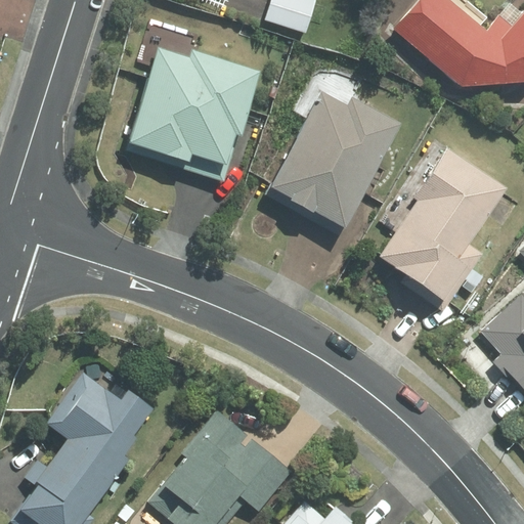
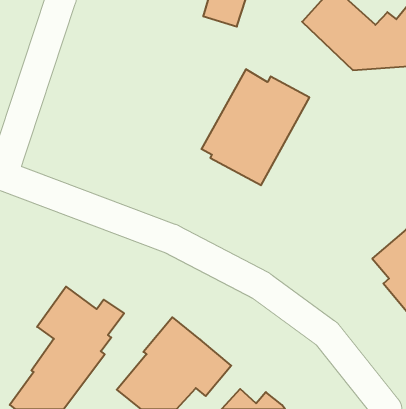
building: [122,46,261,183] -> none
building: [373,148,503,310] -> none

